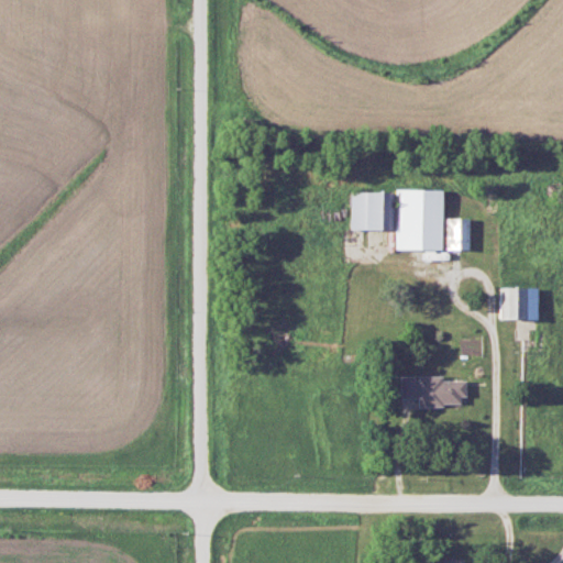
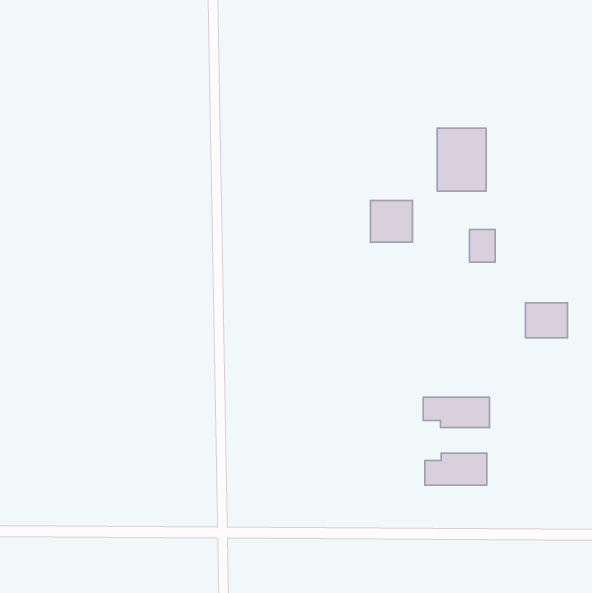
building: [396,190,442,250] -> [437,128,486,191]
building: none -> [425,453,487,485]

